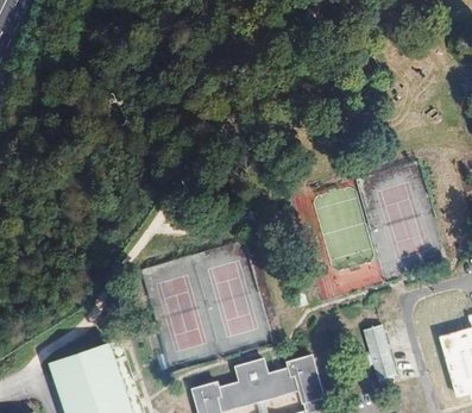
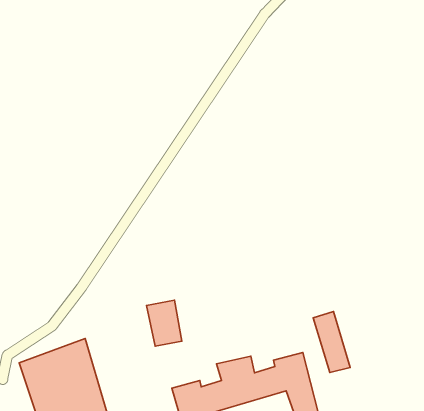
building: [363,324,397,381] -> [313,311,350,373]

